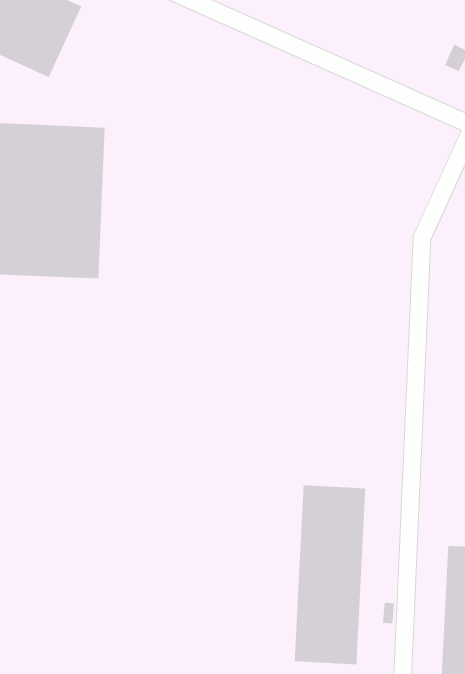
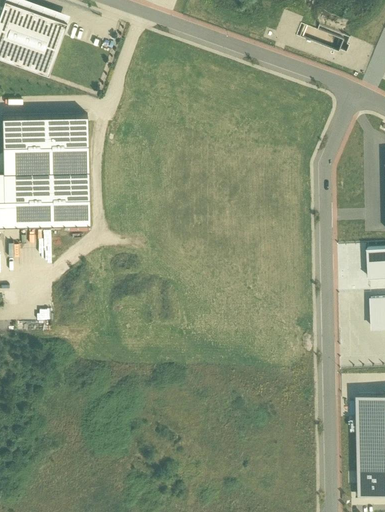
building: [294,484,366,665] -> none

